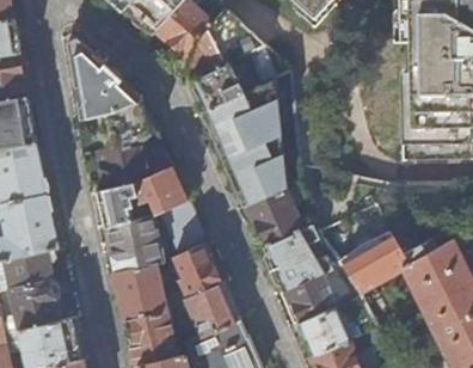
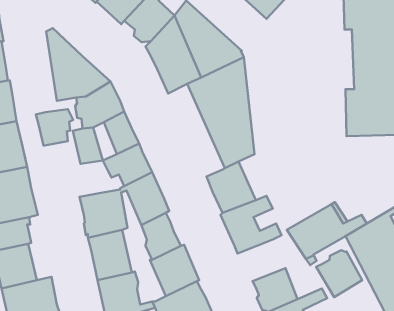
building: [201,100,268,207] -> none
building: [96,186,137,227] -> [36,109,73,145]
building: [285,275,336,321] -> none
building: none -> [316,250,362,297]

